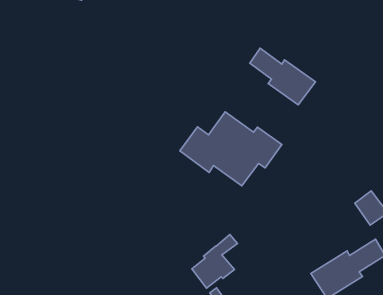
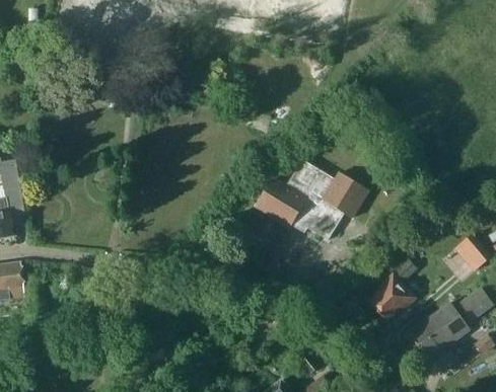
building: [250,48,315,105] -> none
building: [192,235,238,288] -> [367,257,416,319]

